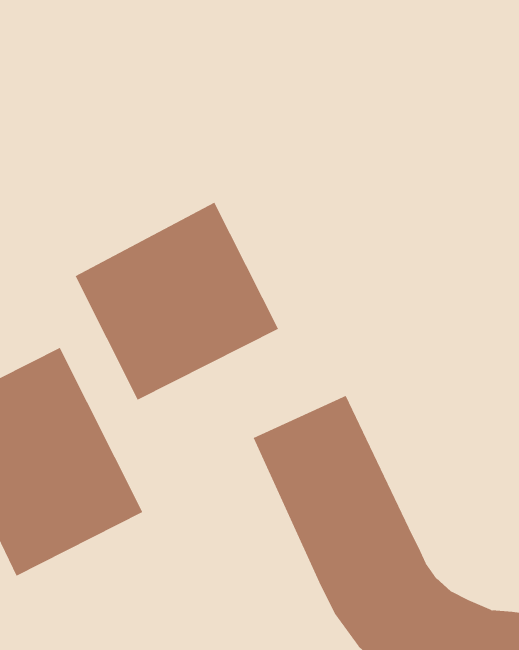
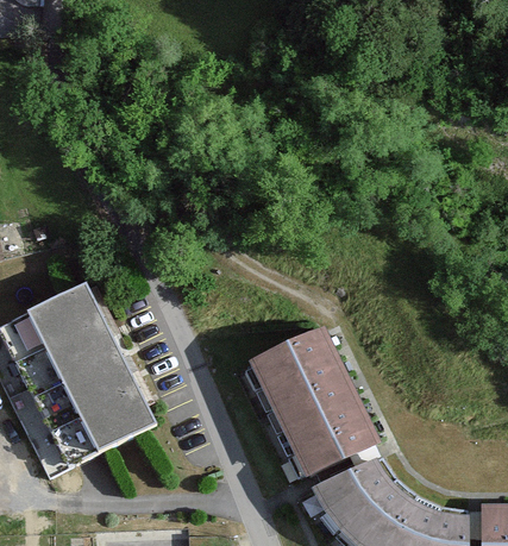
building: [75,202,279,401] -> none

